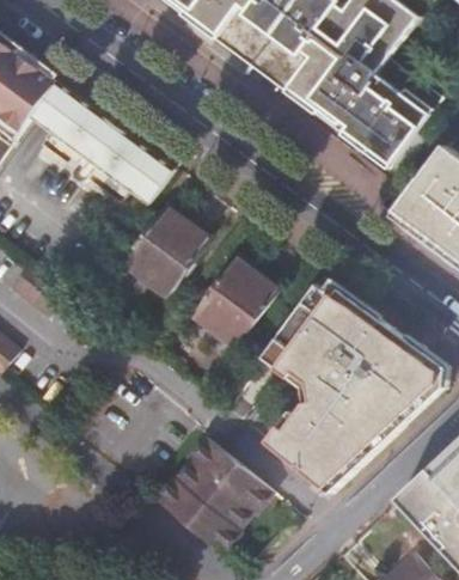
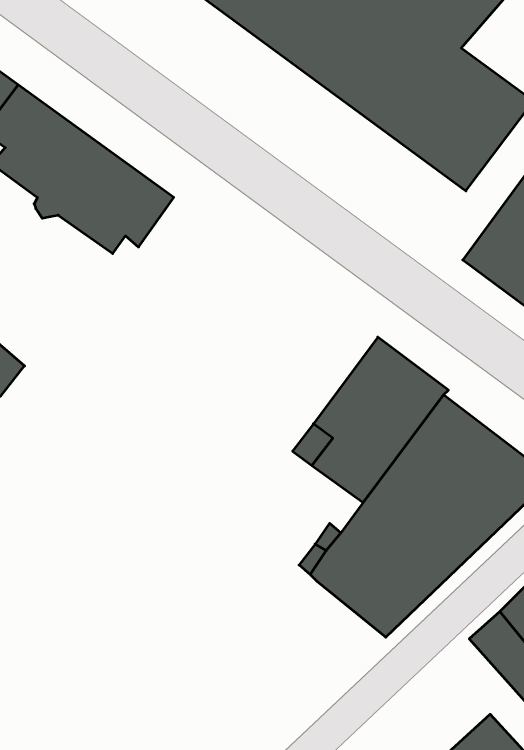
building: [123,207,208,295] -> none
building: [189,257,277,348] -> none
building: [157,439,271,554] -> none

